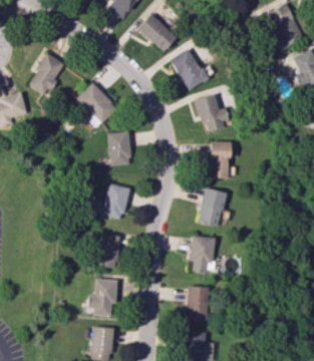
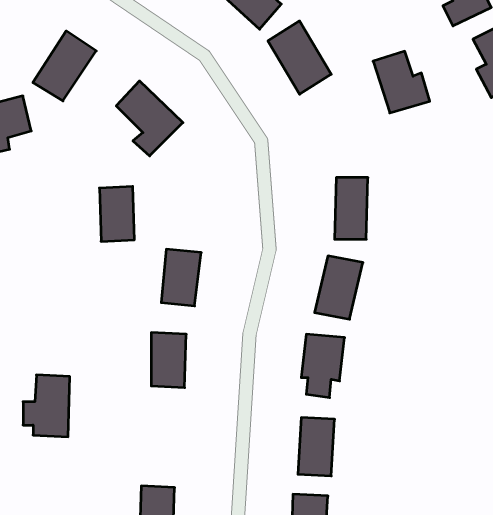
building: [195,94,229,131] -> [373,51,430,113]
building: [109,132,130,165] -> [99,186,134,241]
building: [87,279,115,316] -> [23,375,70,437]

